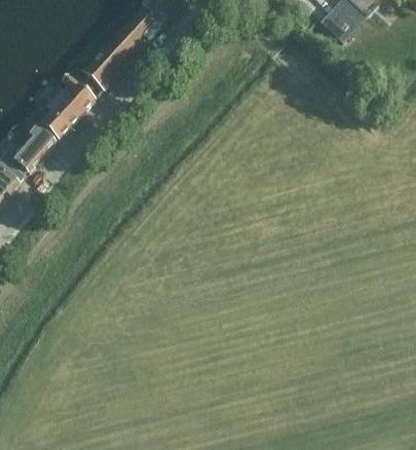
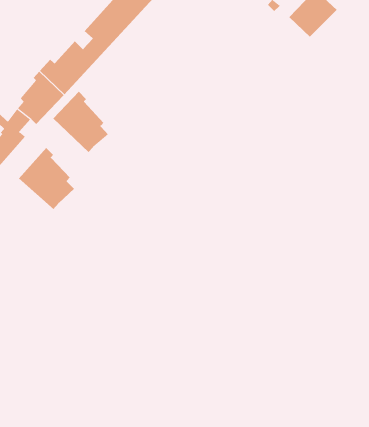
building: none -> [52,91,109,153]
building: none -> [18,147,75,210]

